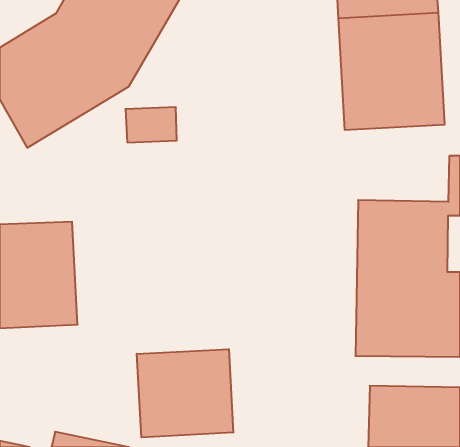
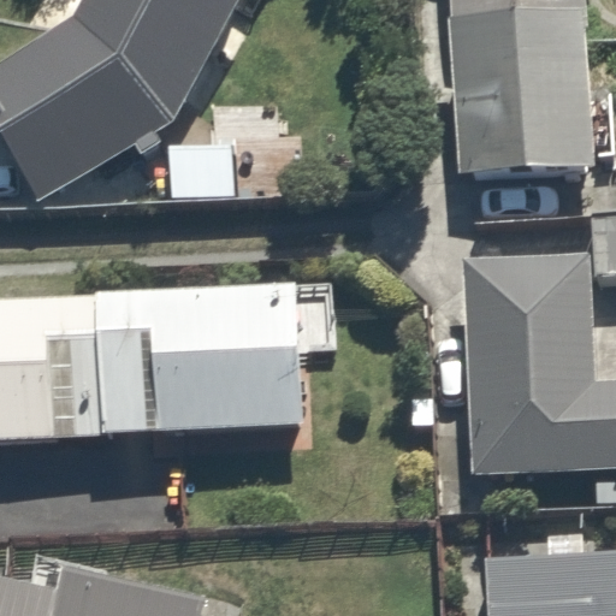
building: none -> [96,285,302,433]
building: [137,349,233,437] -> none

